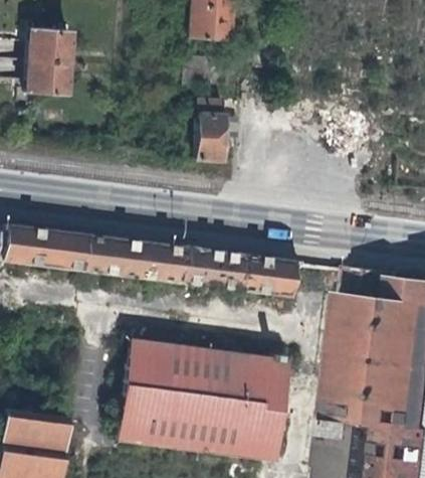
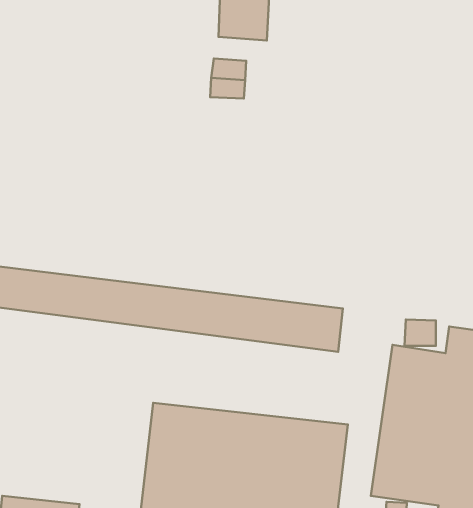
building: [22,27,67,94] -> none
building: [193,97,221,159] -> none

